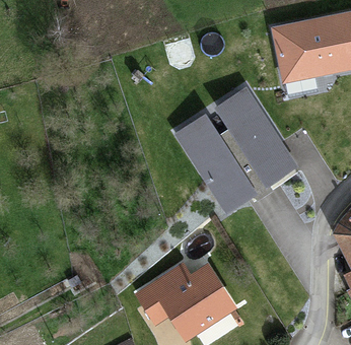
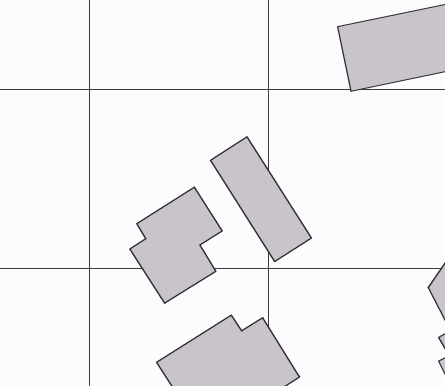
building: [209,95,287,190] -> none
building: none -> [130,187,222,303]

